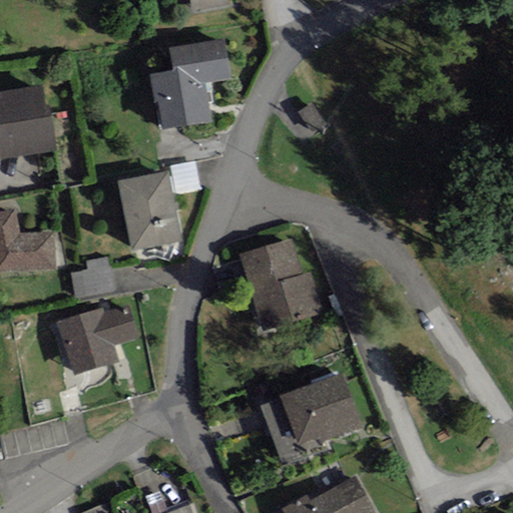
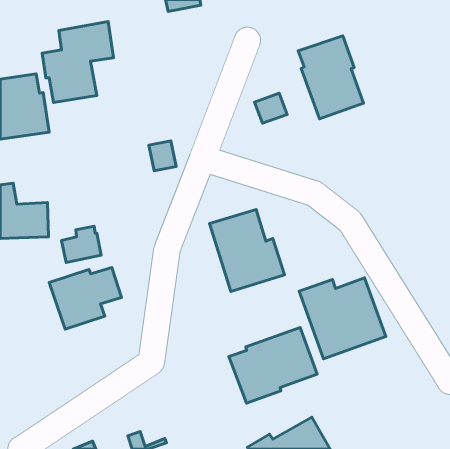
building: [149,37,230,129] -> [42,22,113,103]
building: none -> [298,36,363,119]
building: [117,170,182,249] -> none
building: none -> [299,278,386,359]

